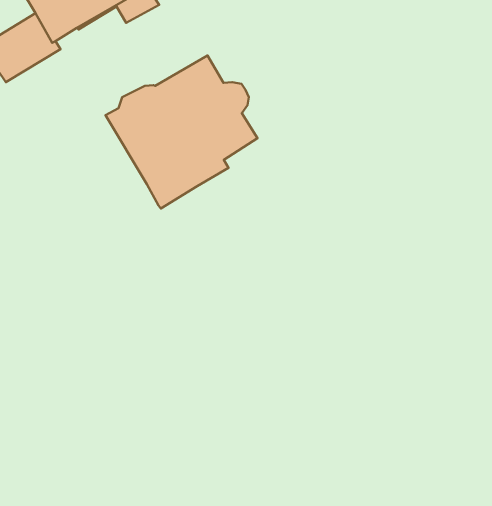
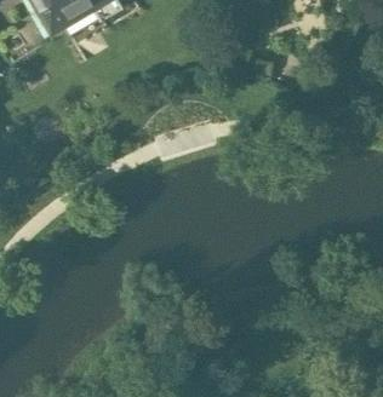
building: [105,55,258,209] -> none

